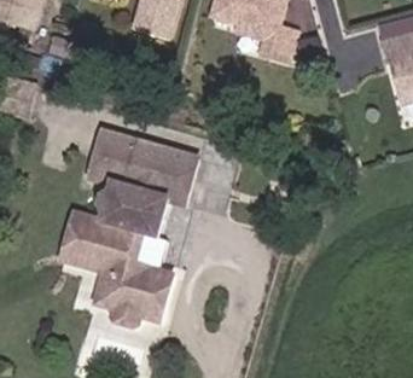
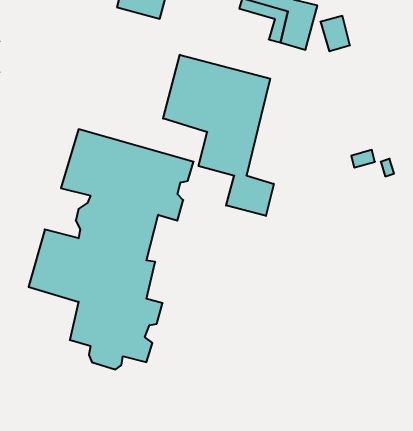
building: none -> [163,55,274,216]

